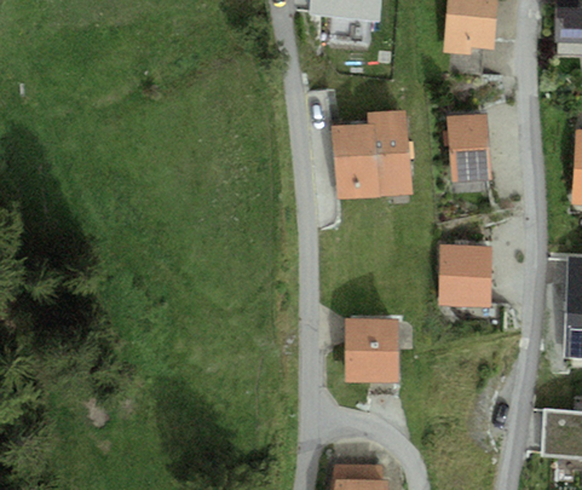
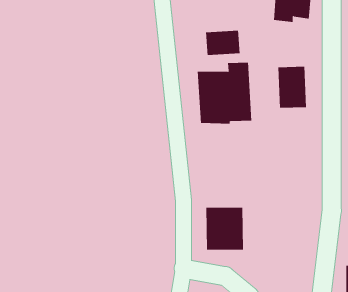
building: none -> [206,30,240,56]
building: [439,243,492,306] -> none

